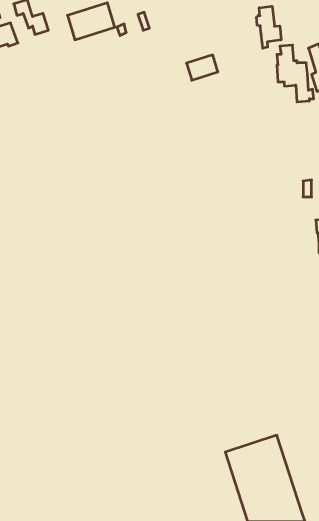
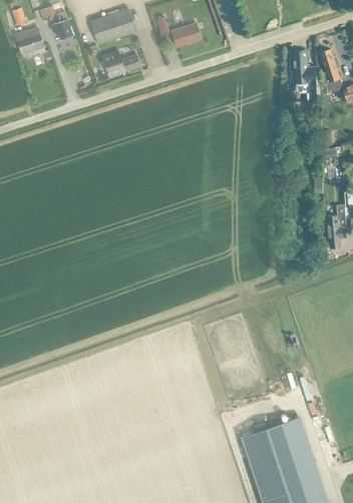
building: [257,6,281,48] -> none
building: none -> [103,52,140,76]
building: [186,55,218,80] -> [171,23,202,47]

